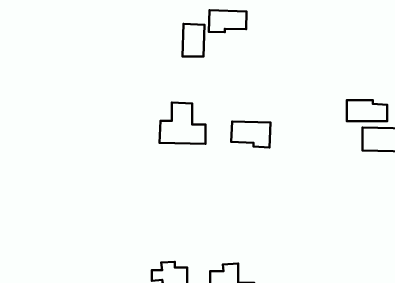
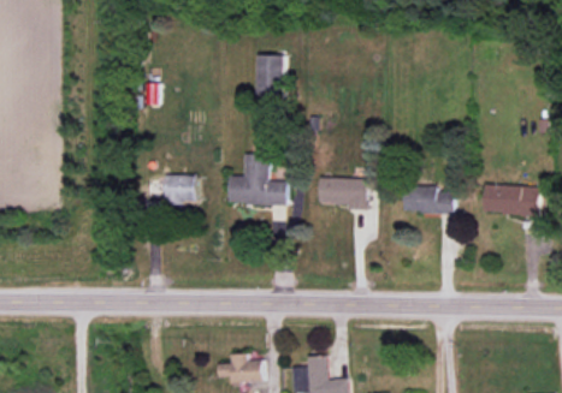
building: [209,10,247,32] -> none
building: [347,100,387,121] -> [403,186,454,213]
building: none -> [166,175,196,206]

